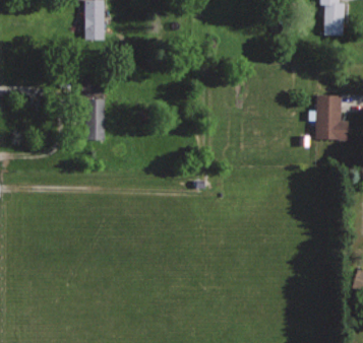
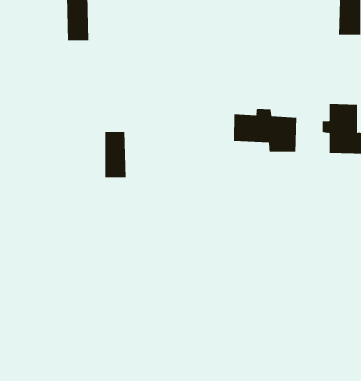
building: none -> [233,108,297,153]
building: [85,99,105,140] -> [104,132,126,178]

